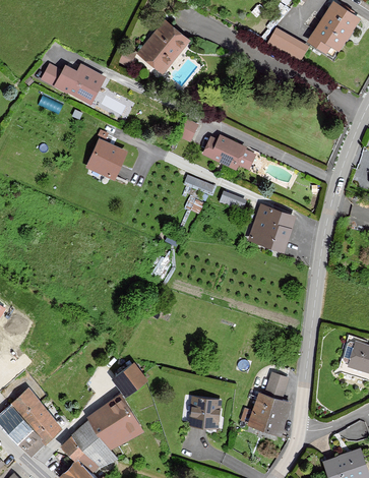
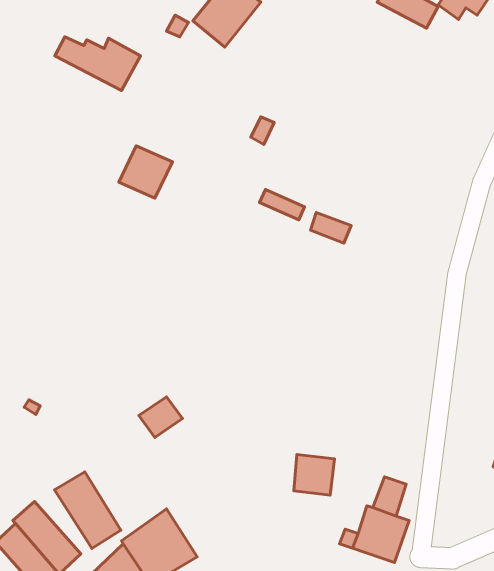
building: [203,136,253,167] -> none
building: [250,206,292,247] -> none
building: [114,364,144,393] -> [139,397,182,437]
building: none -> [54,472,121,549]
building: [190,397,219,425] -> [294,454,334,495]

